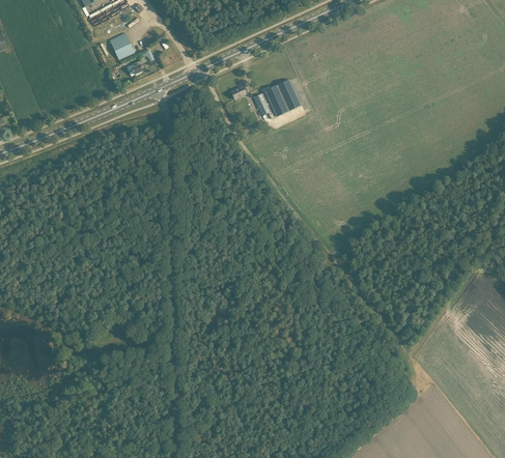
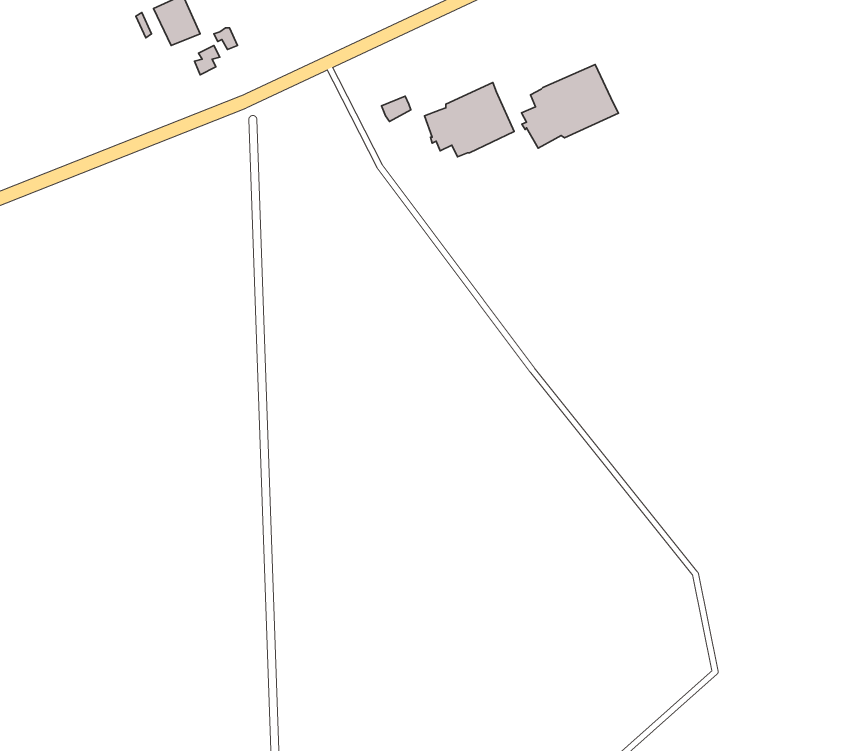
building: none -> [522,64,619,148]

